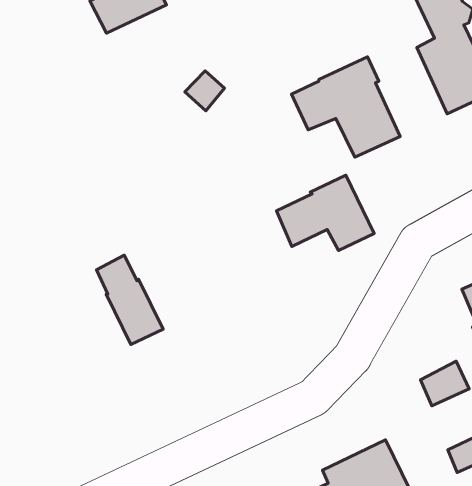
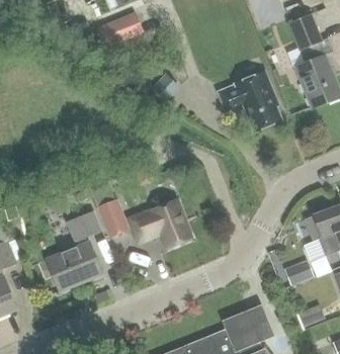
building: [276,175,374,250] -> [130,201,188,247]
building: none -> [46,211,102,290]

